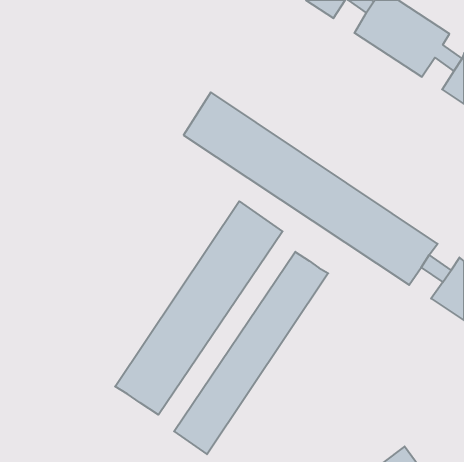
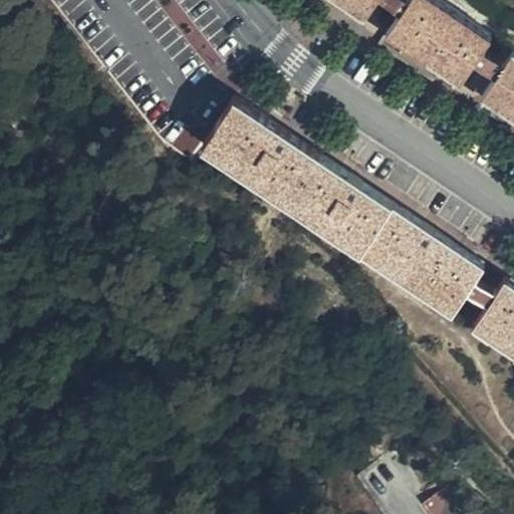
building: [115,201,283,415] -> none
building: [174,252,328,454] -> none

